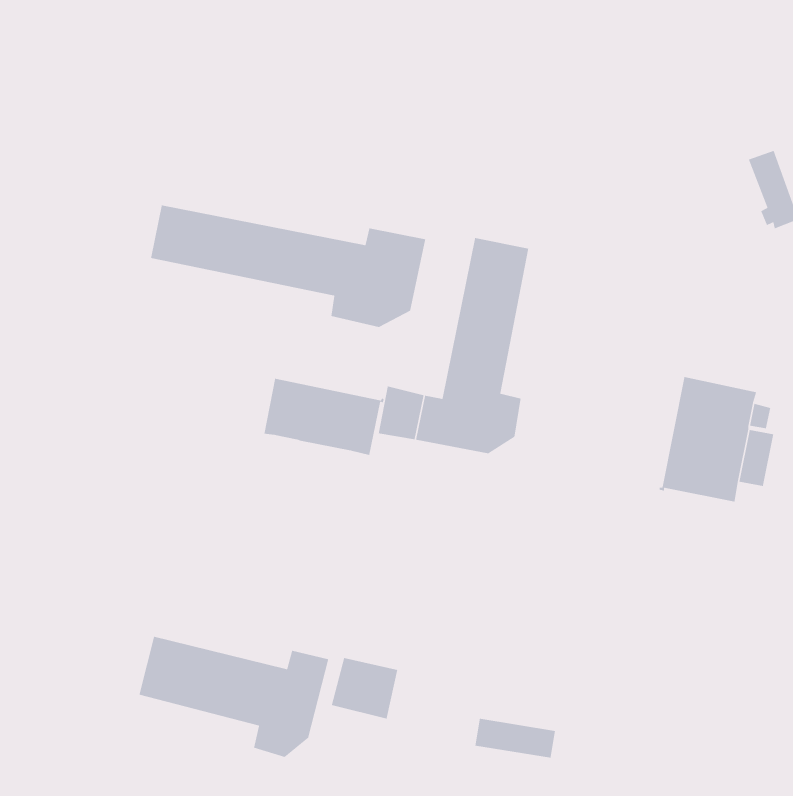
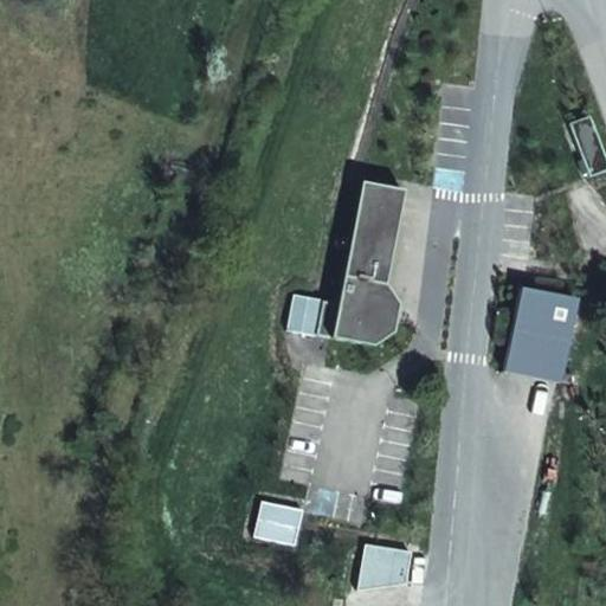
building: [150,204,426,328] -> none
building: [263,378,384,456] -> none
building: [139,636,329,758] -> none

